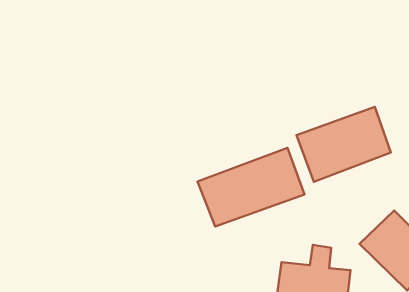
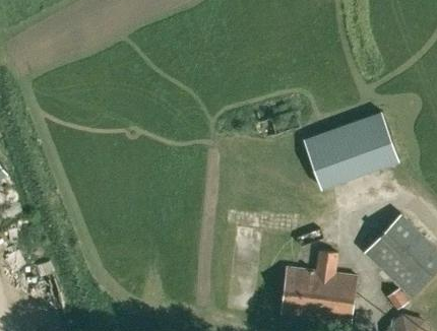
building: [198,148,305,227] -> none

